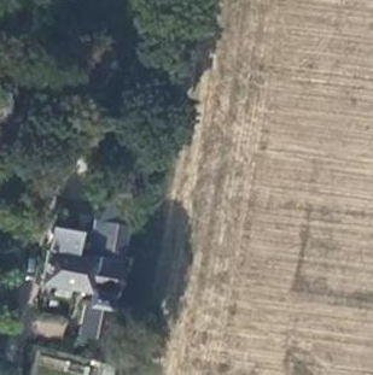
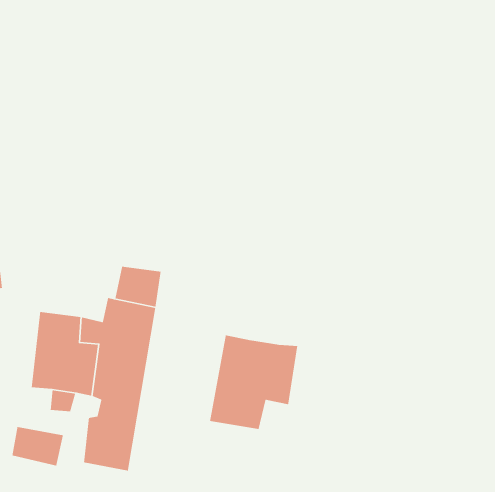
building: none -> [209,334,298,430]

